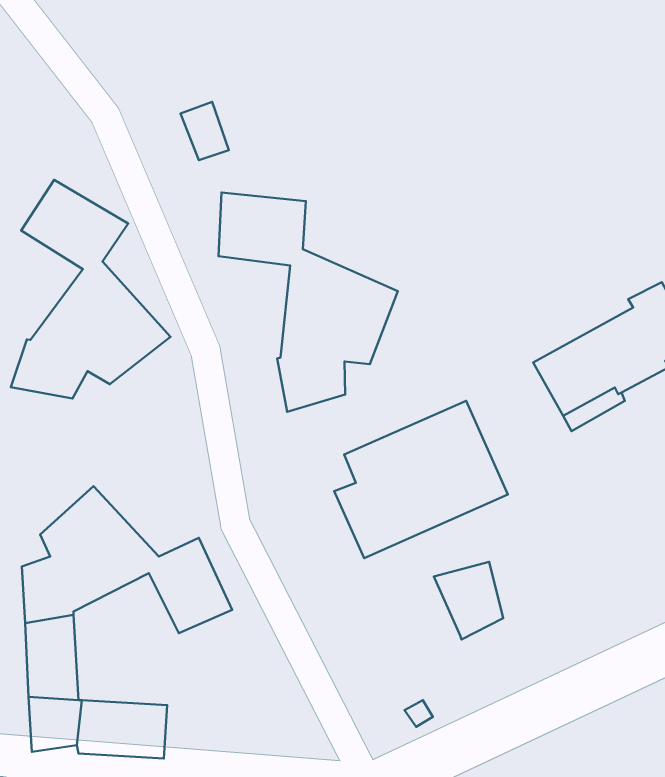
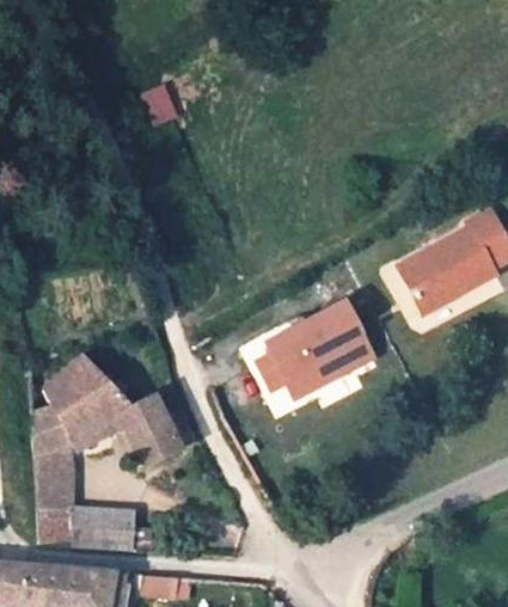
building: [11,180,170,398] -> none
building: [219,193,398,412] -> none
building: [434,562,503,640] -> none

